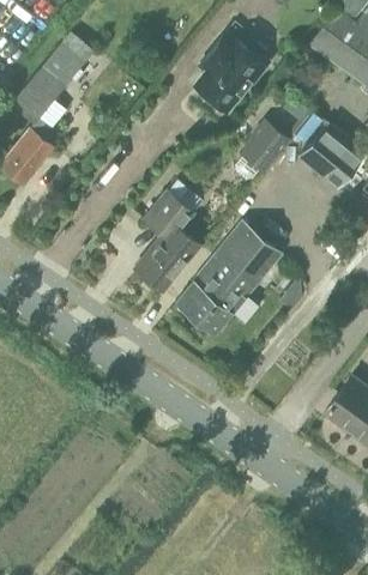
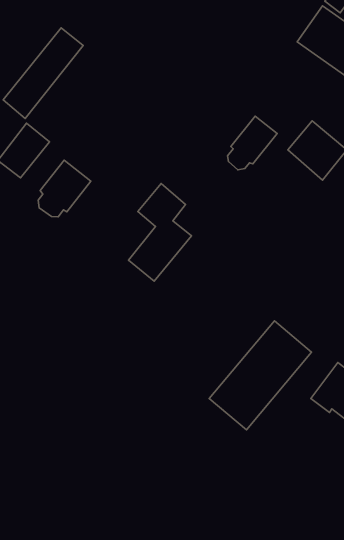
building: [193,32,270,116] -> none
building: none -> [38,160,91,217]
building: [175,222,280,334] -> [209,321,312,430]

